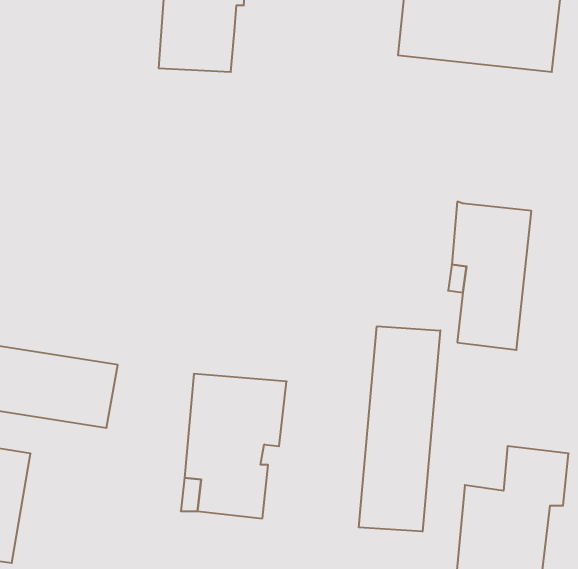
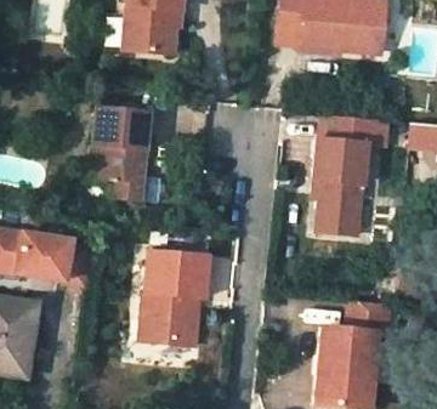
building: none -> [90,108,148,203]
building: none -> [323,115,390,146]
building: [359,326,440,532] -> none

